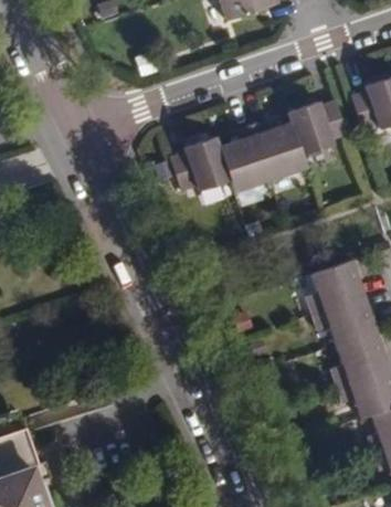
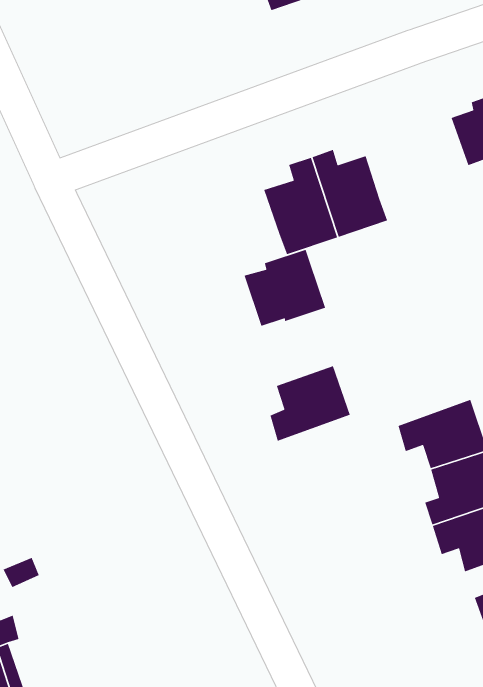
building: [287,101,348,154] -> none
building: [171,137,230,192] -> [244,249,326,327]
building: [308,260,366,314] -> [269,365,351,442]

